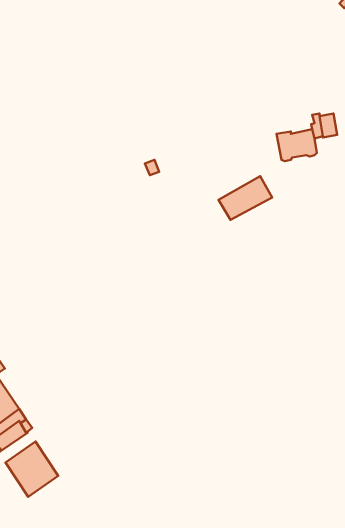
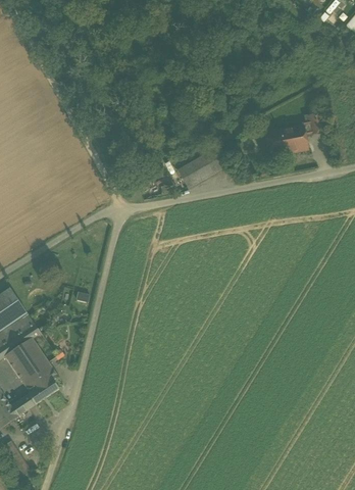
building: [219,176,272,220] -> [178,149,223,187]
building: [5,442,58,497] -> none

